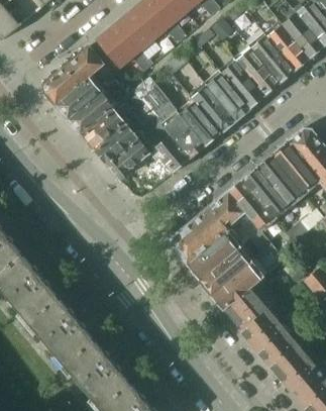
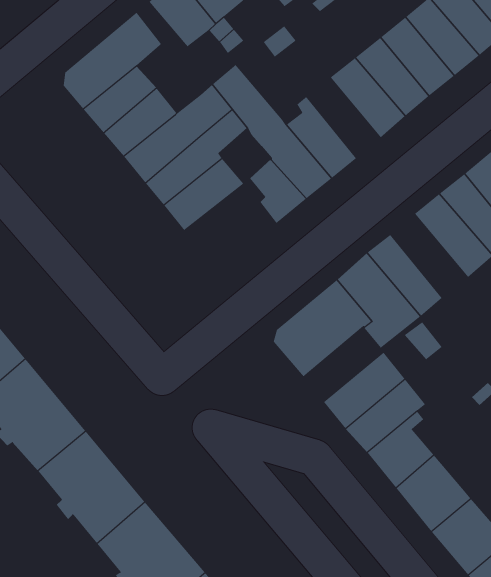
building: [191,86,235,134] -> none
building: [241,168,288,218] -> none
building: [189,235,237,281] -> none

